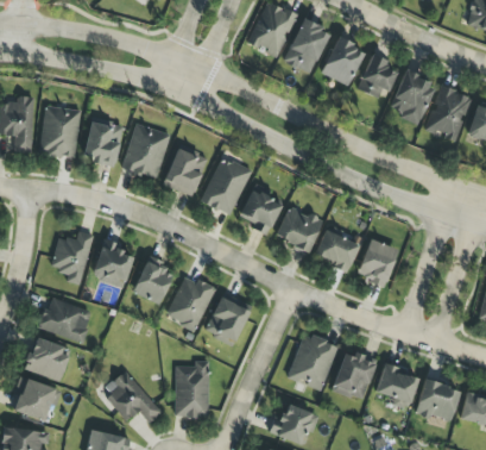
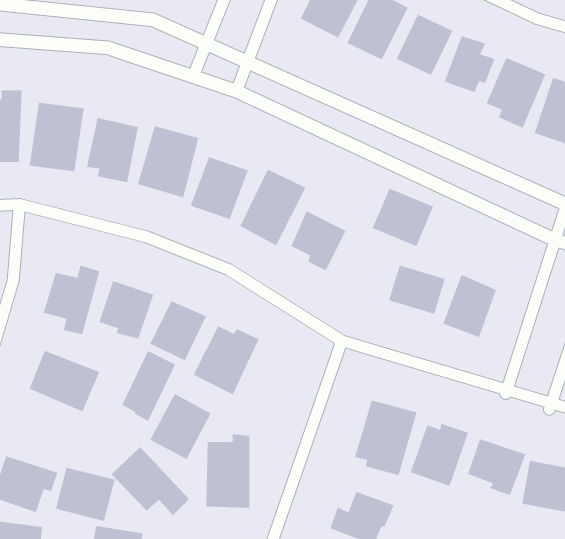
building: [274,206,322,251] -> [372,188,434,247]
building: [203,294,251,345] -> [150,393,212,460]
building: none -> [121,350,176,422]
building: [25,337,71,379] -> [55,467,115,521]

